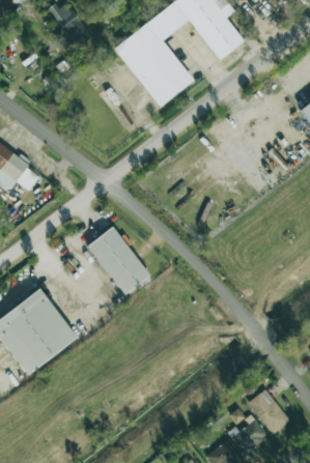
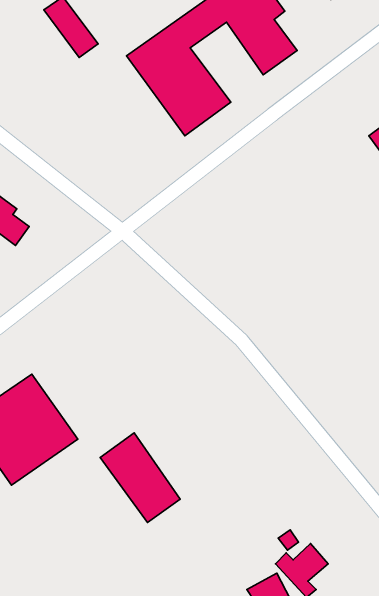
building: [88,226,149,294] -> [100,433,180,522]
building: [249,388,290,434] -> none

